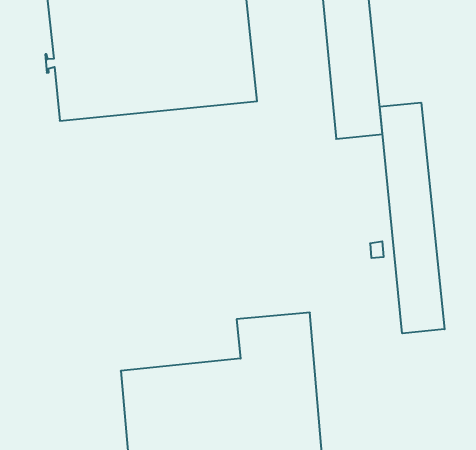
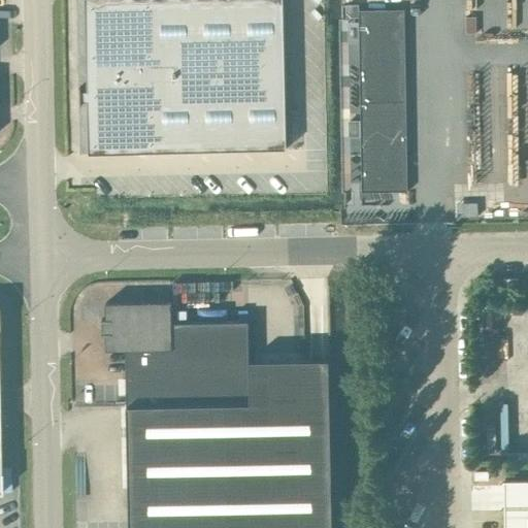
building: [380,103,445,333] -> none
building: none -> [102,301,251,406]

